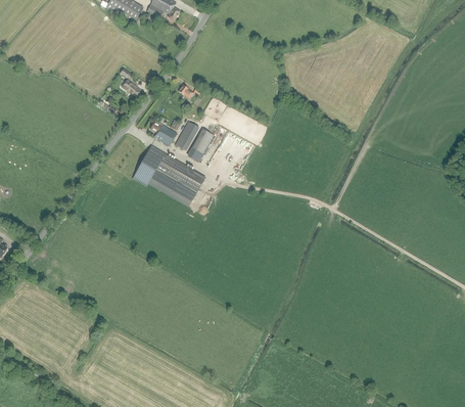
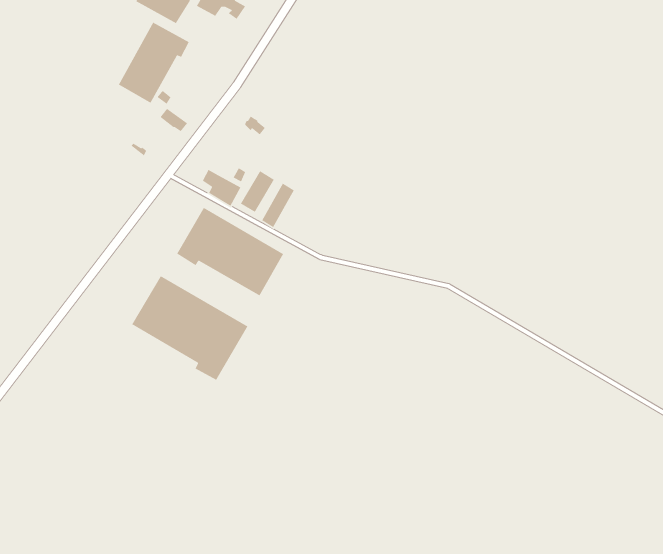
building: none -> [118,21,190,104]
building: none -> [131,275,248,381]

